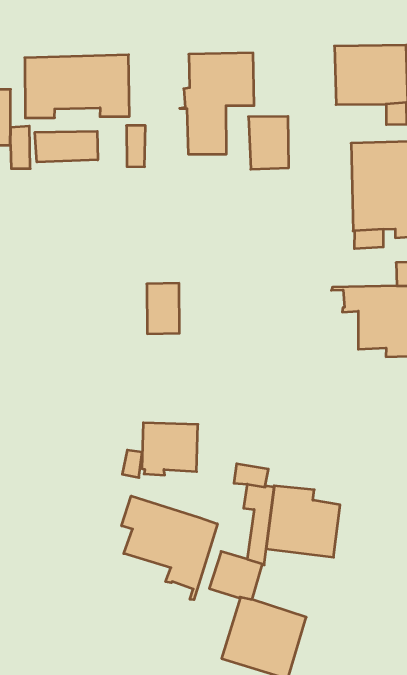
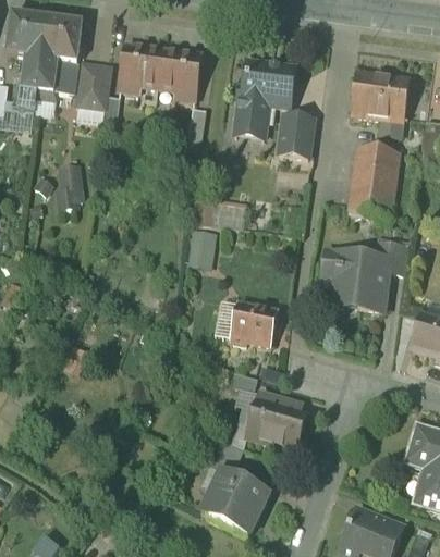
building: [35,131,98,162] -> none
building: [142,423,198,475] -> [230,304,277,346]
building: [122,496,217,600] -> none

